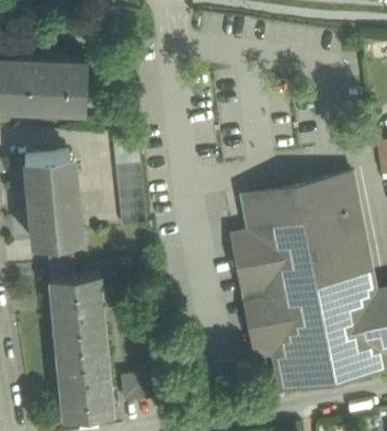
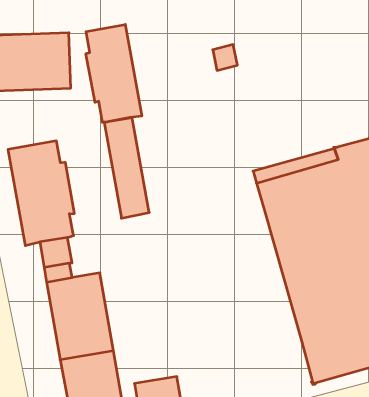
building: none -> [86,24,142,122]
building: [232,235,274,358] -> none

